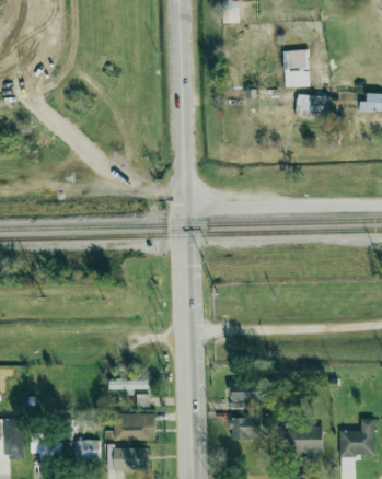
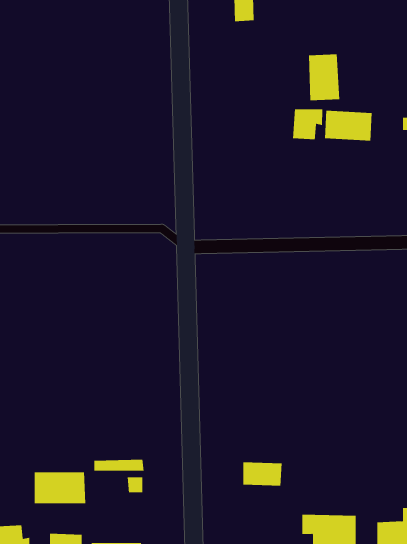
building: none -> [293,109,323,140]
building: [230,412,262,440] -> none
building: [113,413,155,440] -> [34,472,86,504]

